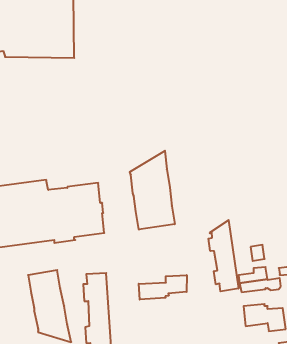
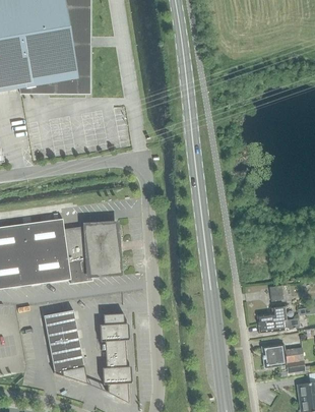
building: [130,151,175,230] -> none
building: [208,220,238,291] -> none
building: [139,275,187,300] -> none

